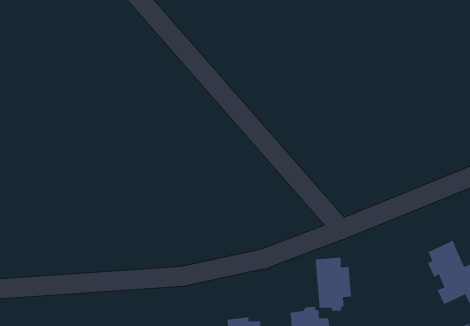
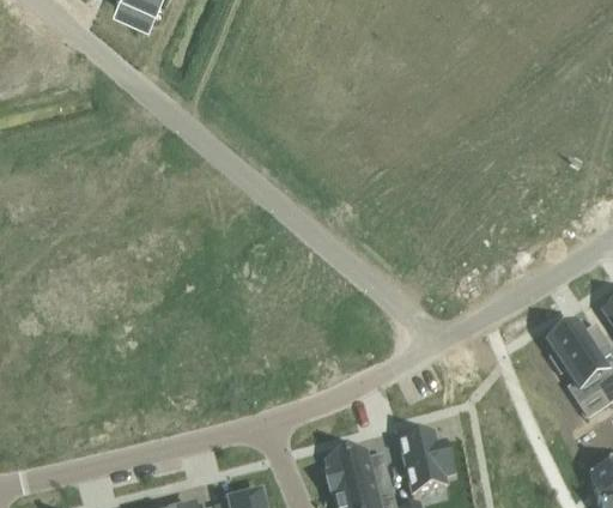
building: [315,257,351,311] -> none

